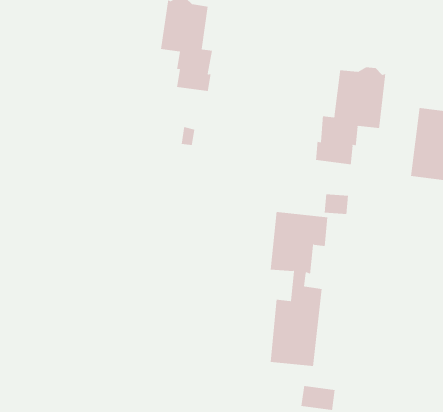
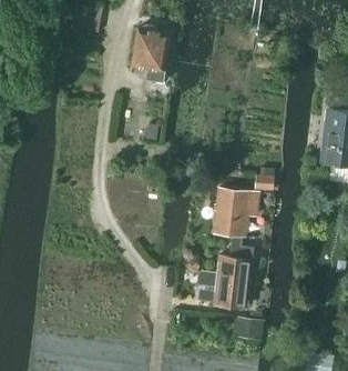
building: [315,67,386,165] -> none

